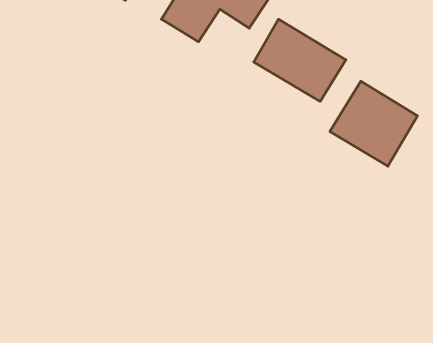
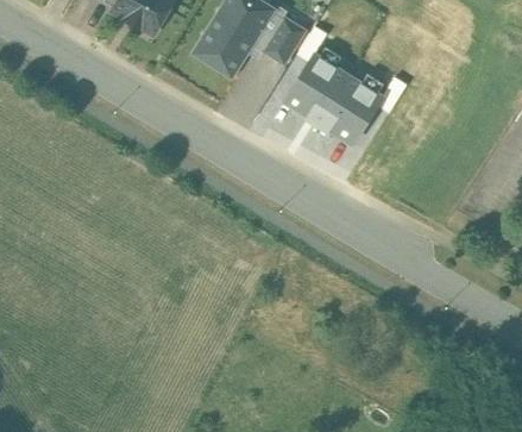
building: [330,81,417,166] -> none

